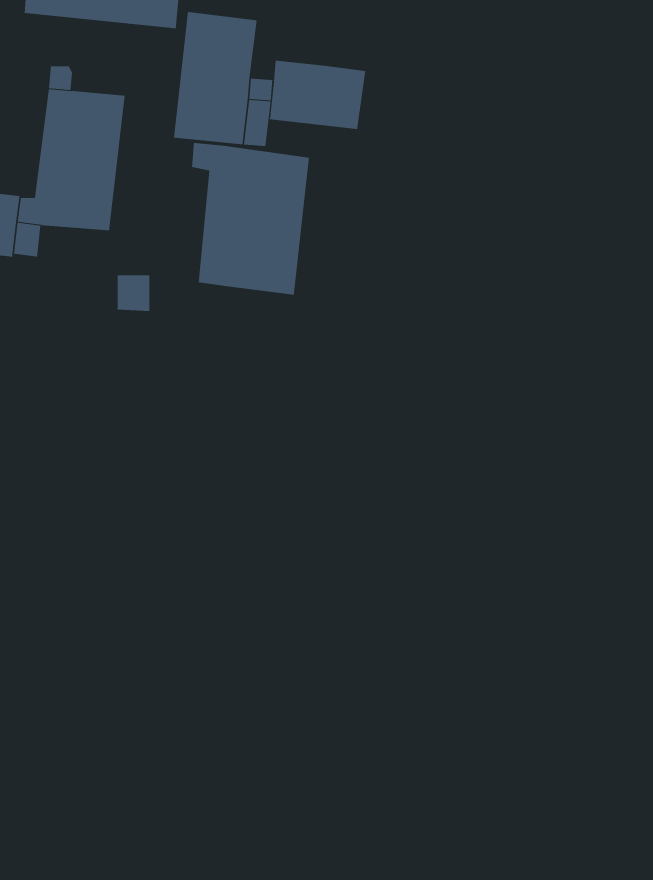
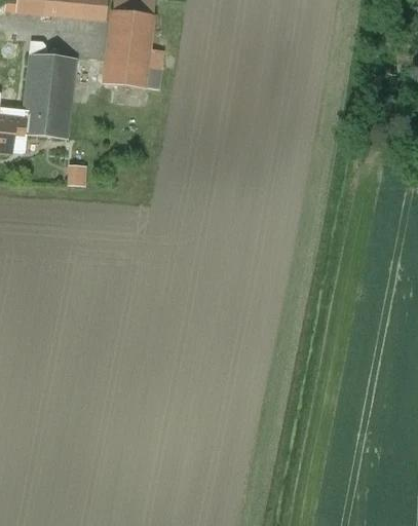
building: [269,60,366,130] -> none
building: [192,142,309,295] -> none

